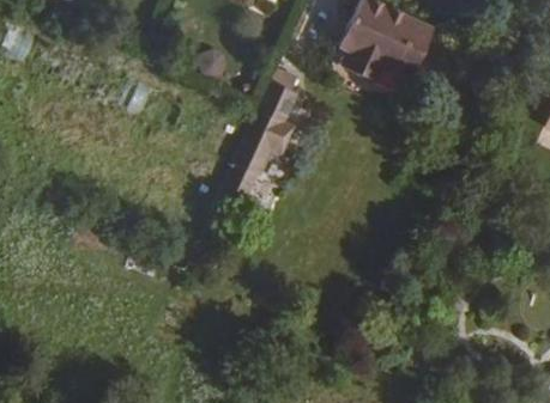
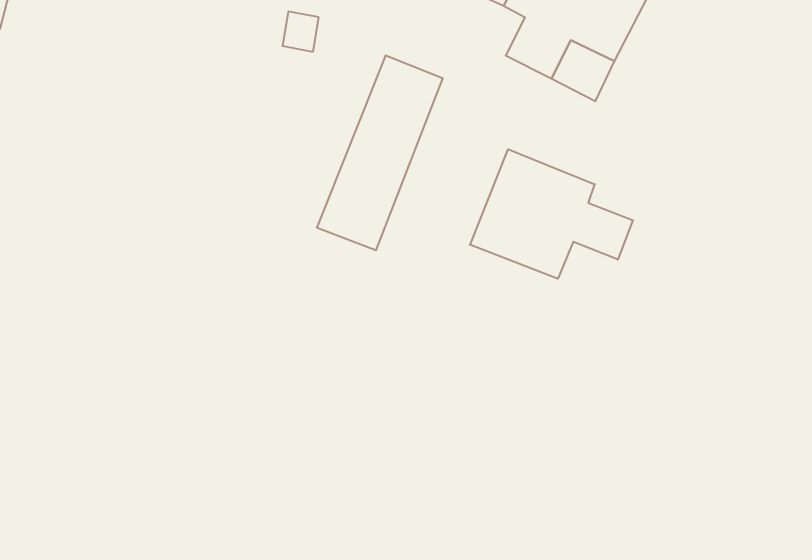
building: none -> [470,149,633,279]

